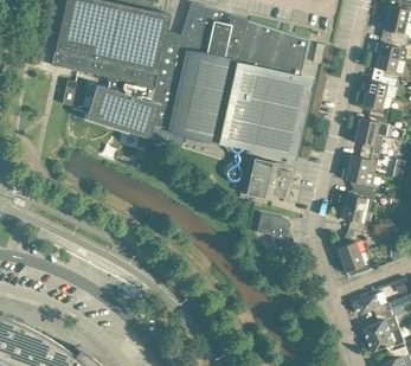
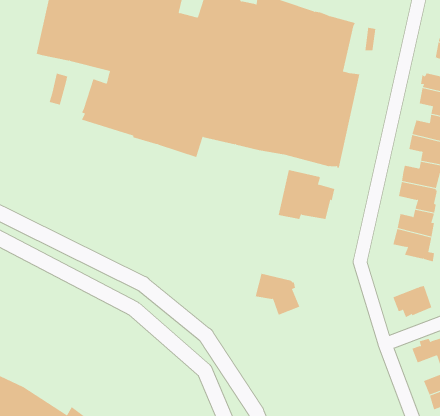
building: [257,214,294,249] -> [255,273,300,316]
building: [335,227,364,262] -> none

